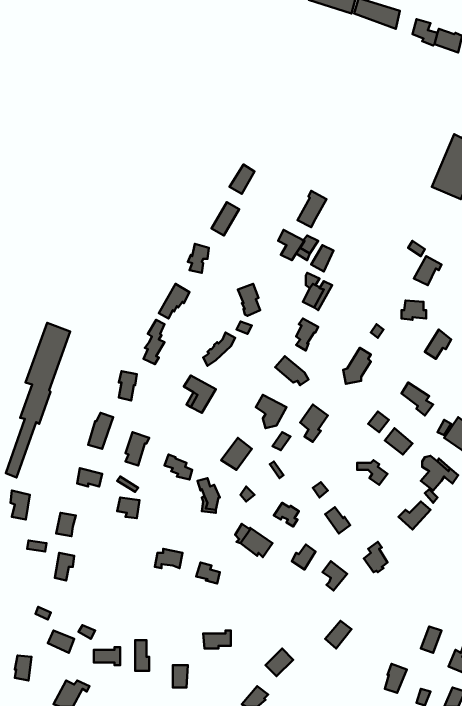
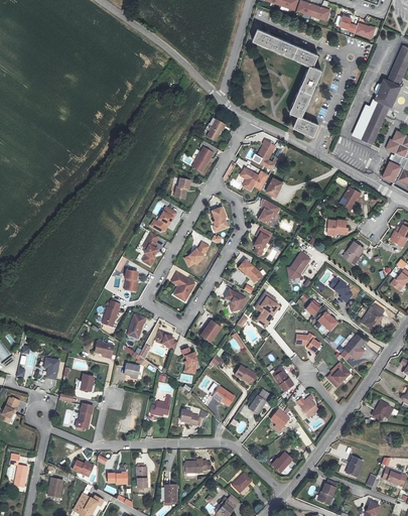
building: none -> [247,28,316,134]
building: [6,323,70,477] -> none

